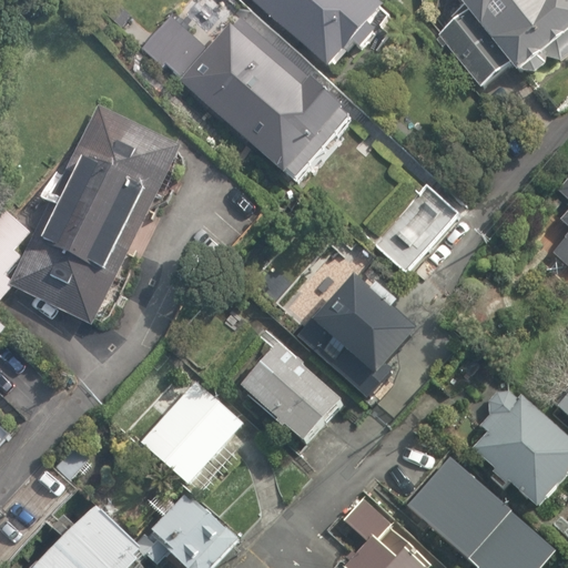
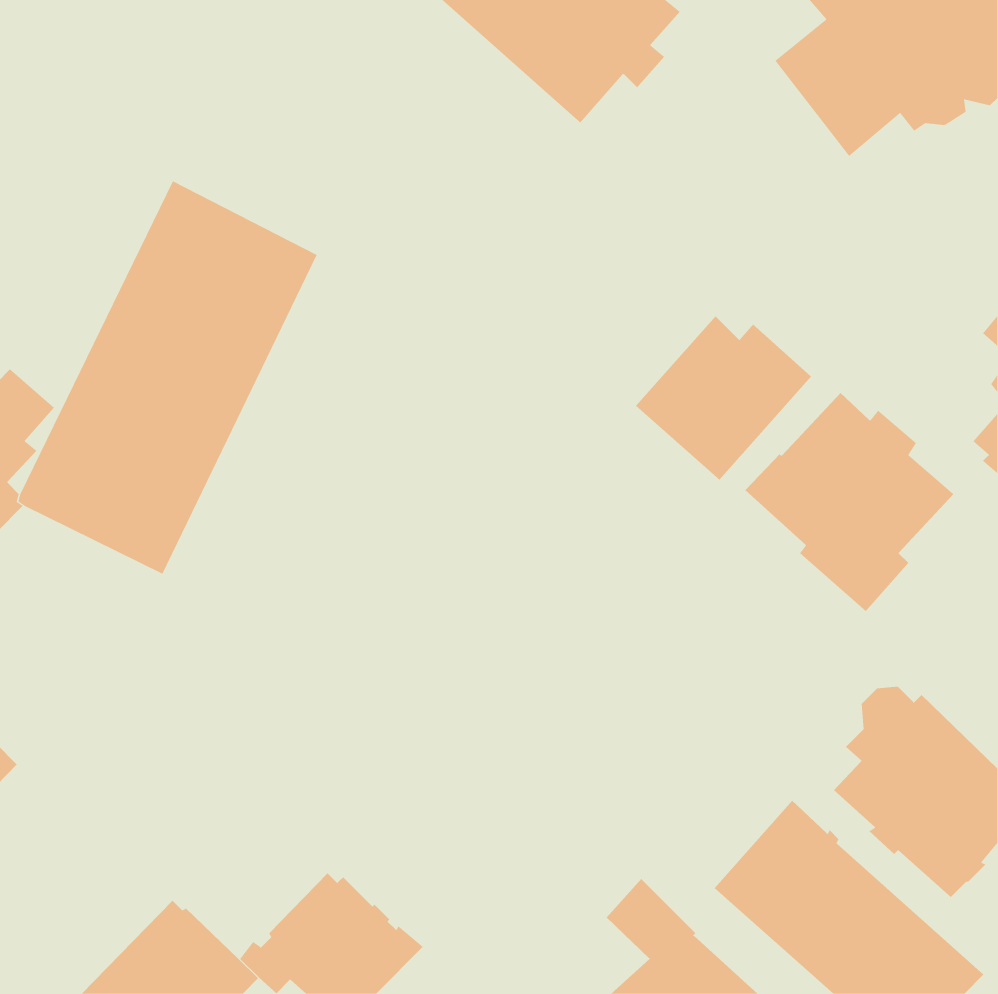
building: [141,13,352,180] -> none
building: [301,275,419,399] -> [744,392,954,612]
building: [241,344,344,445] -> none
building: [140,379,245,486] -> none

